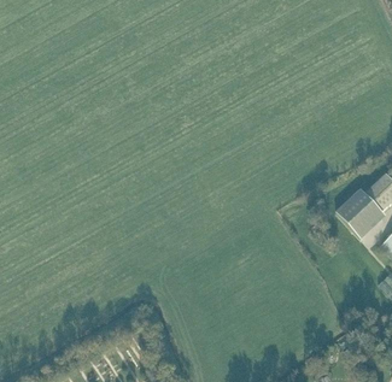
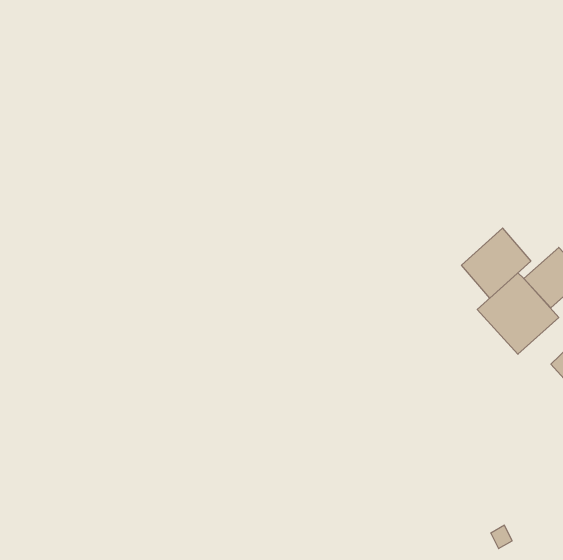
building: none -> [462,228,531,298]

